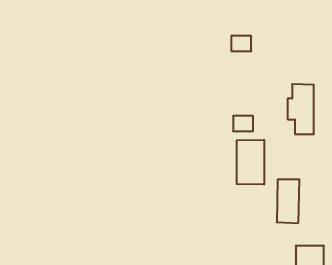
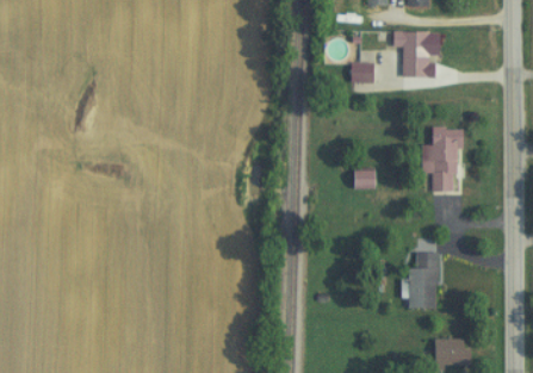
building: none -> [393,32,432,79]
building: [237,140,264,185] -> none

